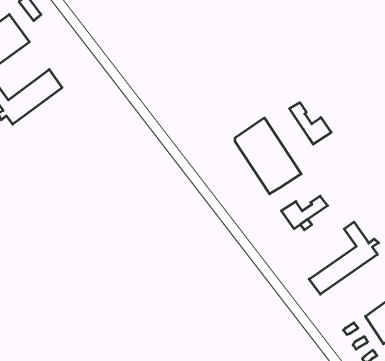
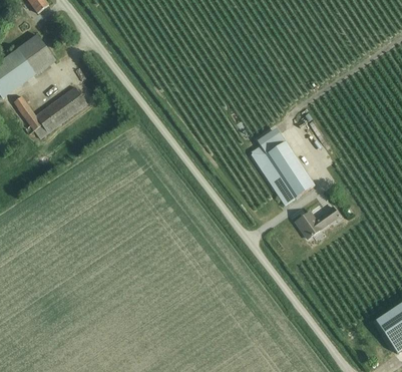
building: [290,103,331,144] -> none
building: [309,222,379,294] -> none

